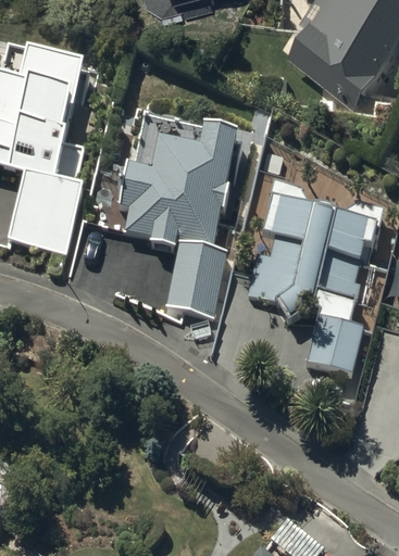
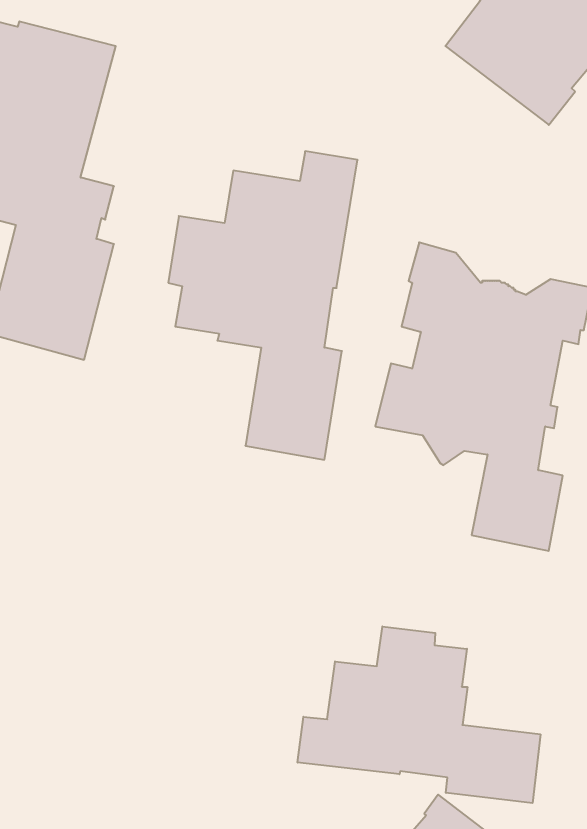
building: none -> [298,626,540,803]

